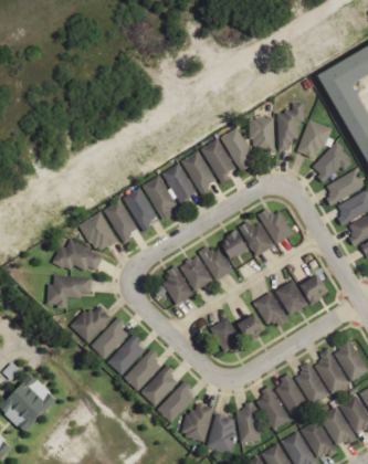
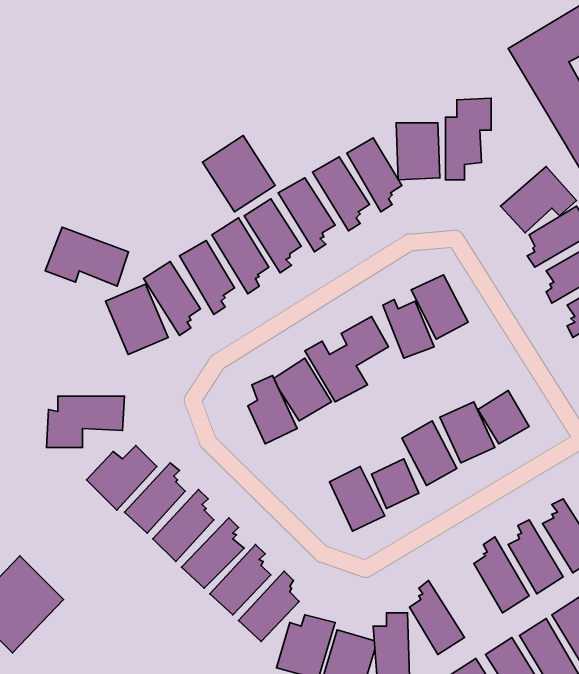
building: [298,120,330,160] -> none
building: none -> [203,135,275,212]
building: [54,240,103,274] -> [45,227,129,286]
building: [275,371,308,414] -> none

